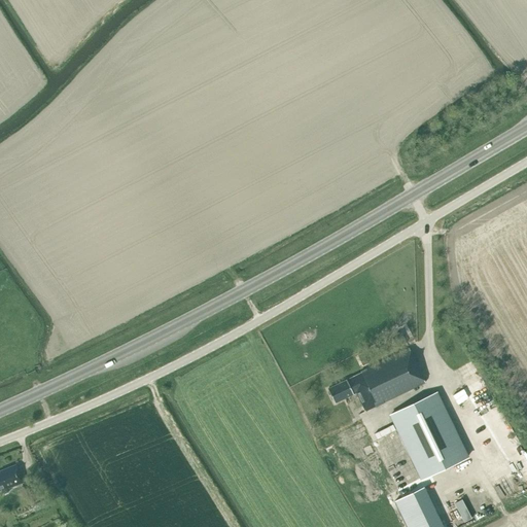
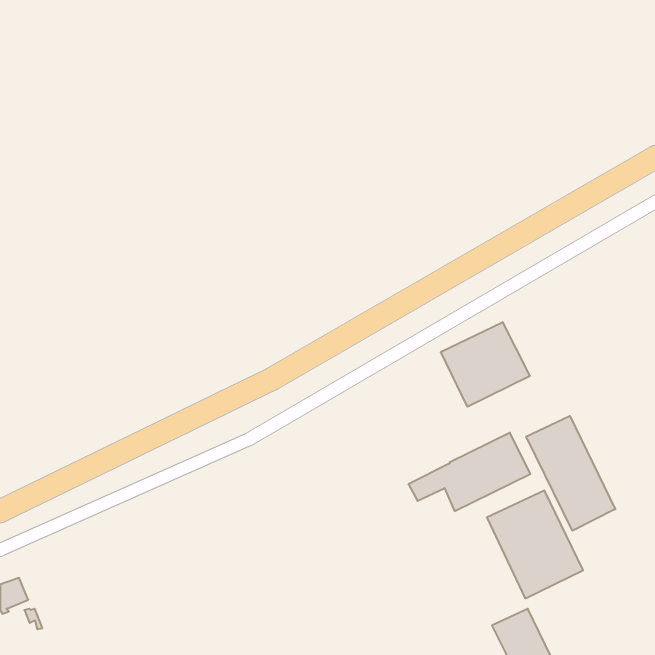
building: none -> [441,322,530,407]
building: none -> [526,416,615,531]

